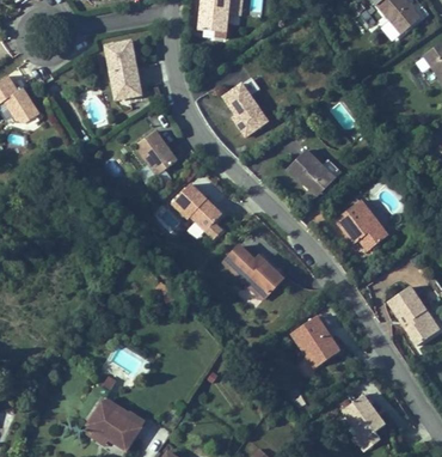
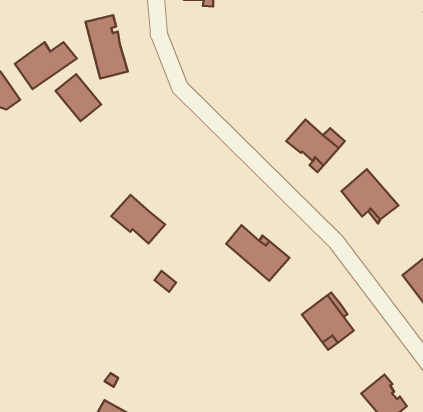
building: none -> [15,42,77,89]
building: [223,83,268,135] -> none
building: [135,129,177,173] -> [56,74,101,121]
building: [172,183,222,230] -> [111,195,165,243]

